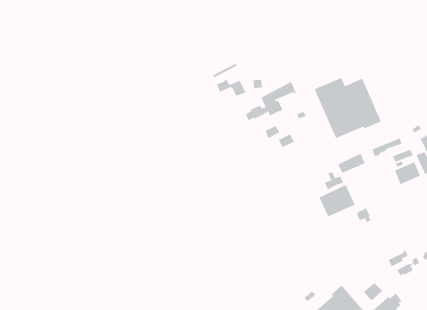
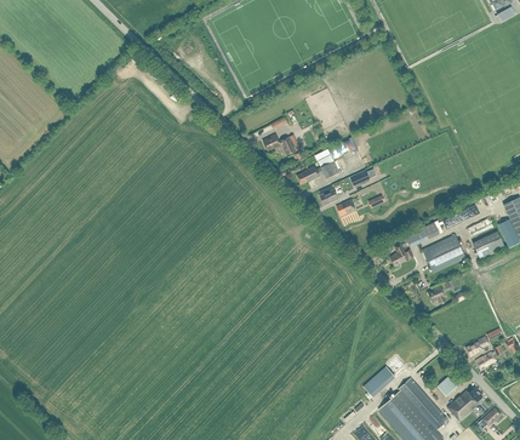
building: [314,77,382,139] -> none
building: [319,184,356,217] -> [422,234,465,273]

